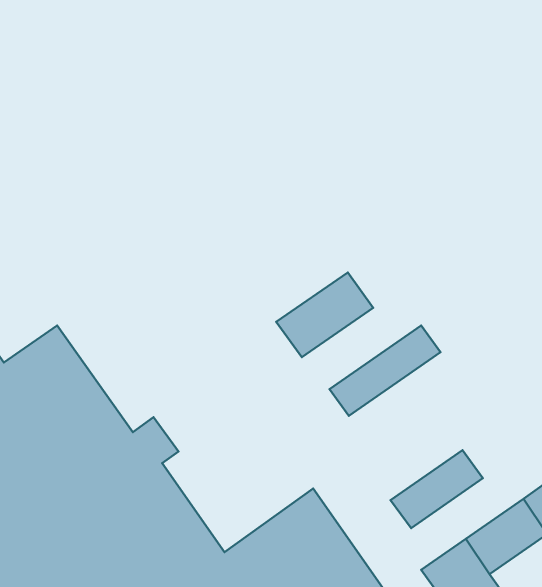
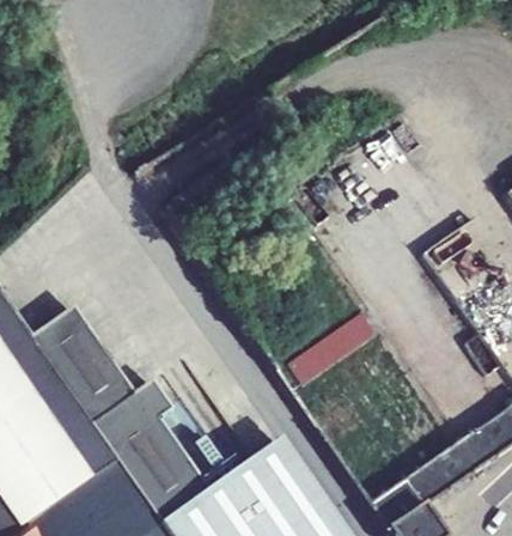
building: [276,272,373,357] -> none
building: [391,450,483,528] -> none

